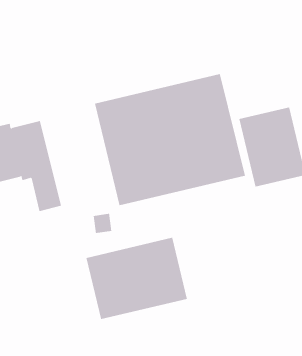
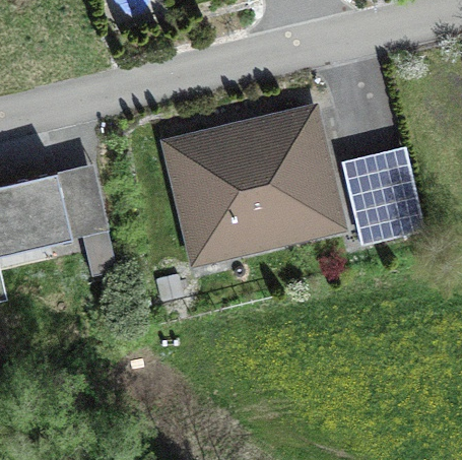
building: [86,237,187,320] -> none

